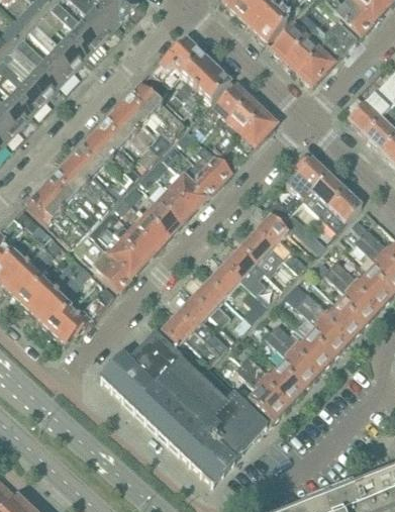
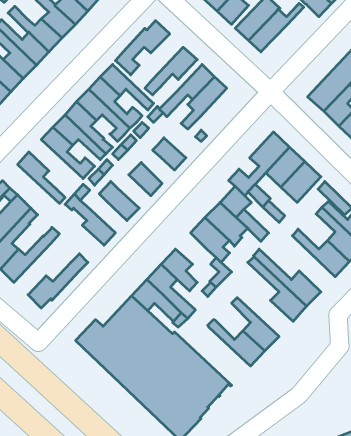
building: [298,24,357,84] -> none
building: [166,53,215,110] -> none
building: [233,110,275,153] -> none
building: [195,144,231,184] -> none
building: [52,165,109,213] -> none
building: [165,176,206,211] -> none
building: [26,191,84,239] -> none
building: [145,202,181,237] -> none
building: [113,222,156,264] -> none
building: [74,236,131,291] -> none
building: [314,257,377,326] -> none
building: [207,264,240,297] -> none
building: [35,265,92,329] -> none
building: [273,325,332,374] -> none
building: [234,362,287,421] -> none

